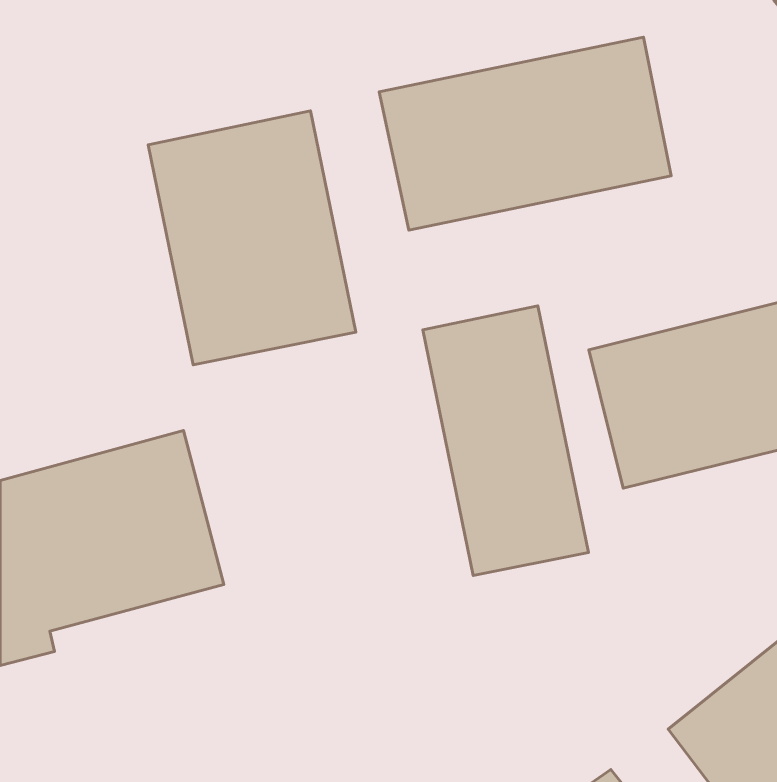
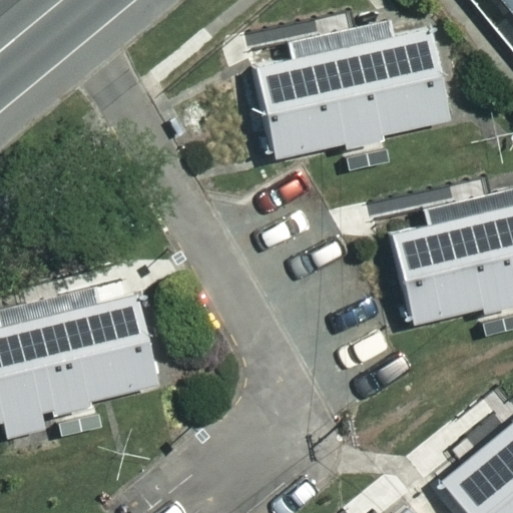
building: [148,111,356,365] -> none
building: [423,306,589,575] -> none

